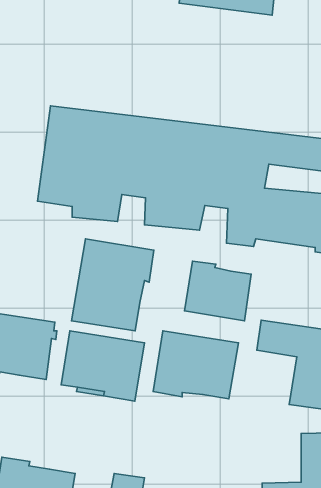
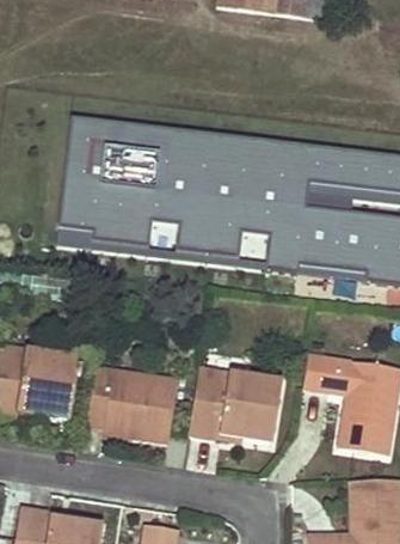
building: [71,239,154,331] -> none
building: [184,261,251,321] -> none

